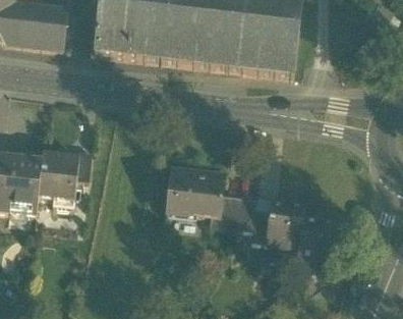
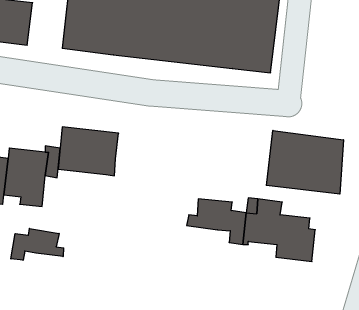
building: none -> [266,130,343,194]
building: [169,167,227,214] -> [58,127,119,176]
building: none -> [11,228,64,260]

